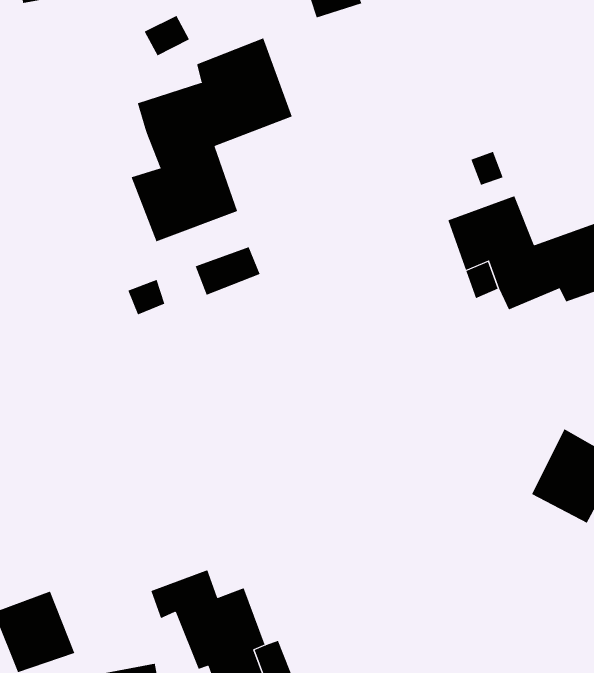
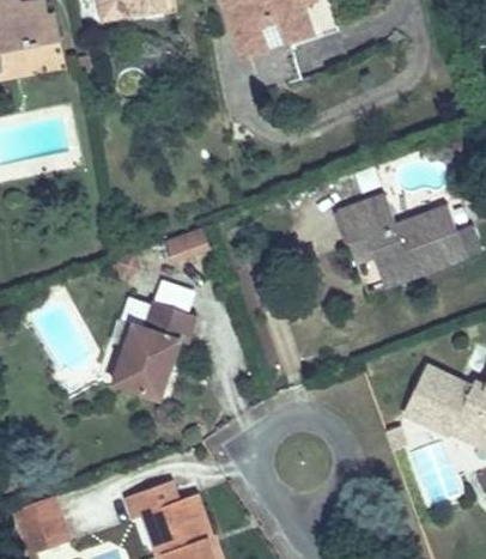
building: [131,38,293,242] -> none
building: none -> [109,298,196,394]

